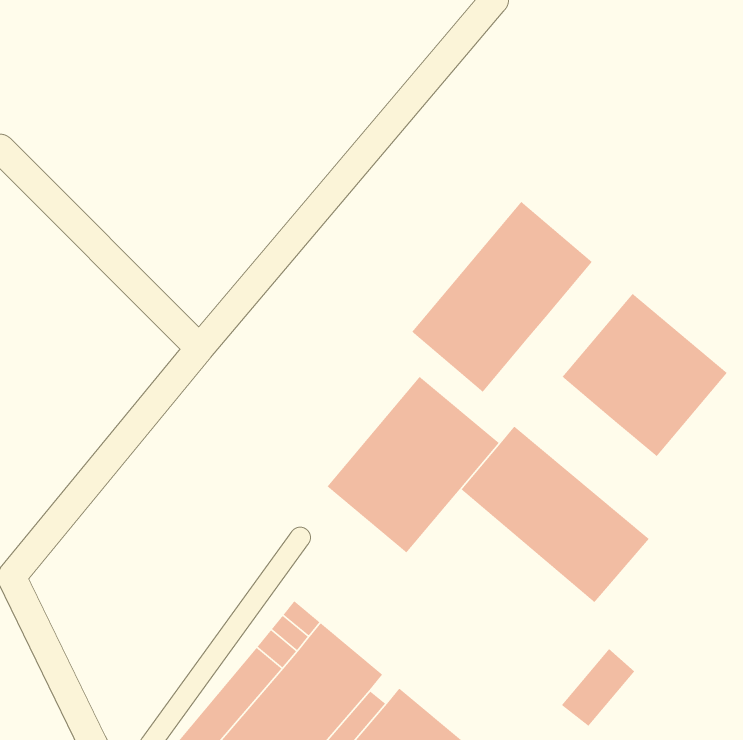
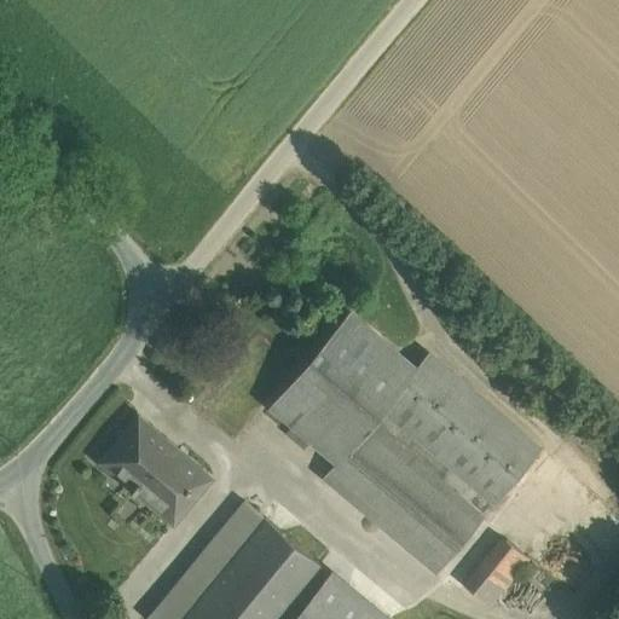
building: [411,201,593,393] -> none
building: [561,293,728,457] -> none
building: none -> [102,418,210,523]
building: none -> [325,424,482,572]

